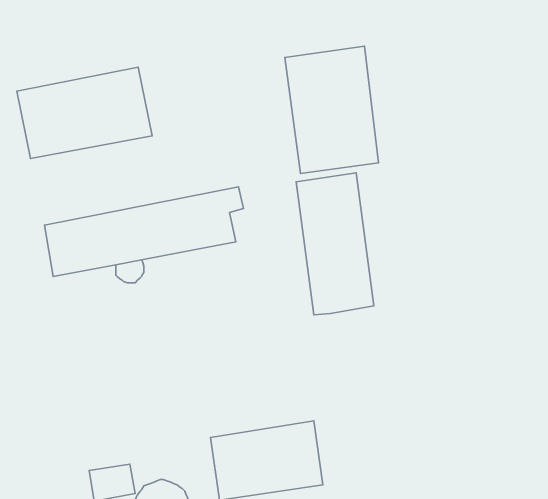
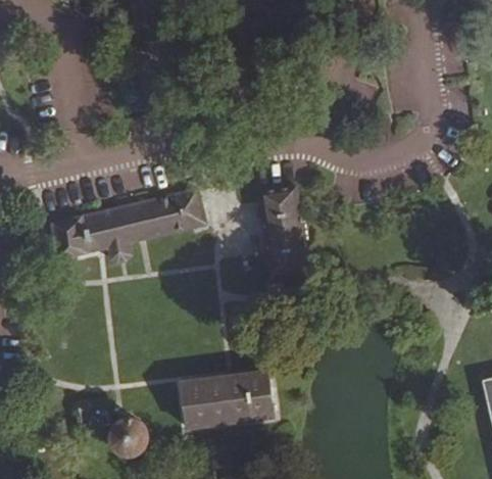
building: [285,46,379,174] -> none
building: [17,67,152,158] -> none

